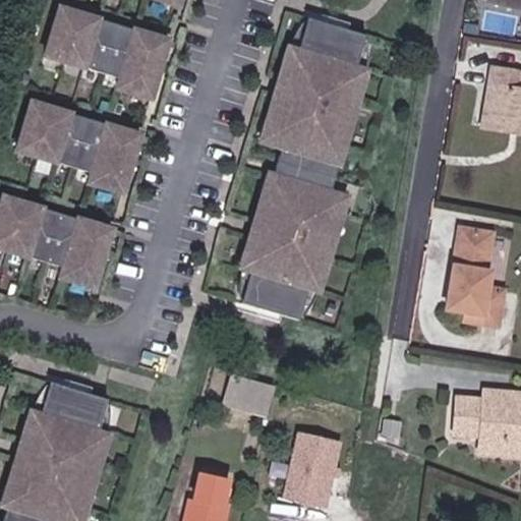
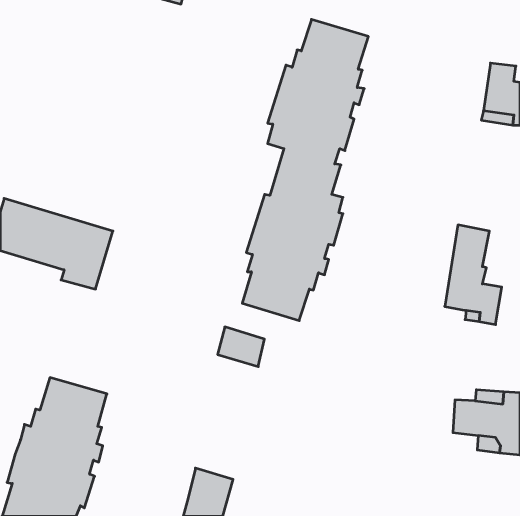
building: [46,6,170,97] -> none
building: [17,101,140,191] -> none
building: [227,375,274,415] -> [218,327,264,367]
building: [281,428,342,504] -> none

